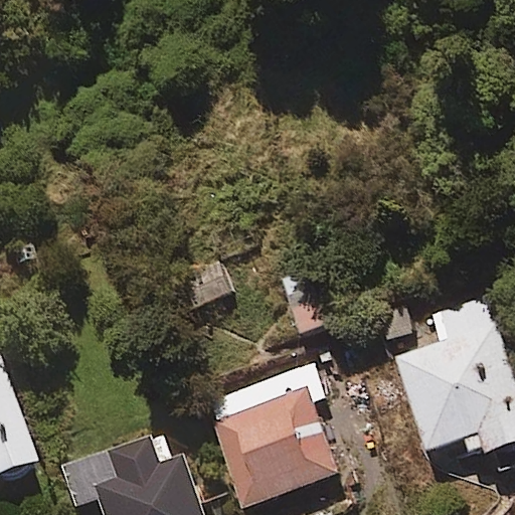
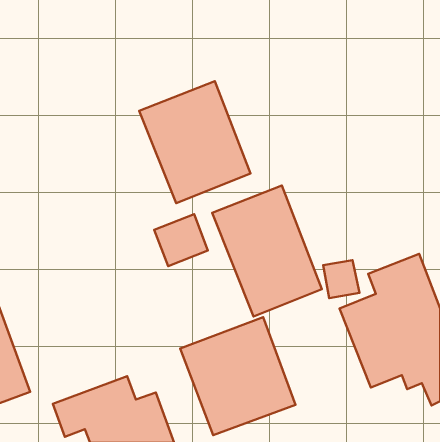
building: none -> [139,81,251,203]
building: none -> [212,186,322,316]

